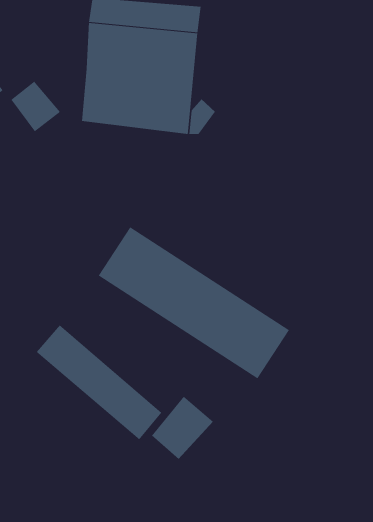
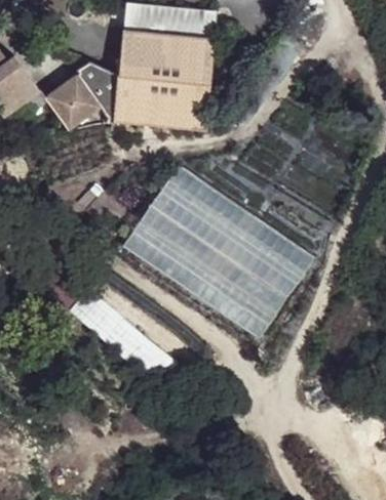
building: none -> [68,60,112,116]
building: none -> [150,165,314,295]
building: [151,396,214,460] -> none

